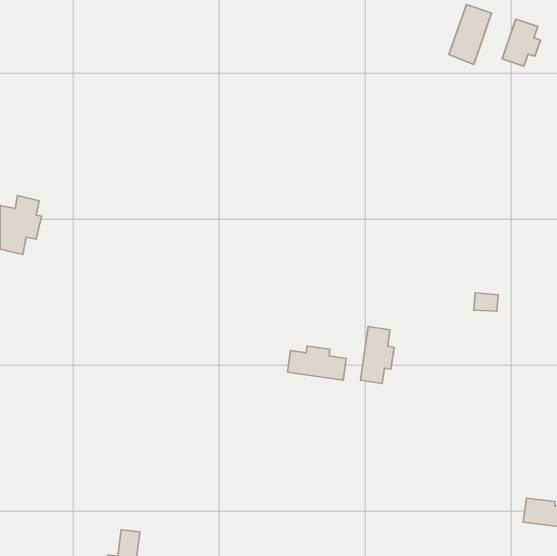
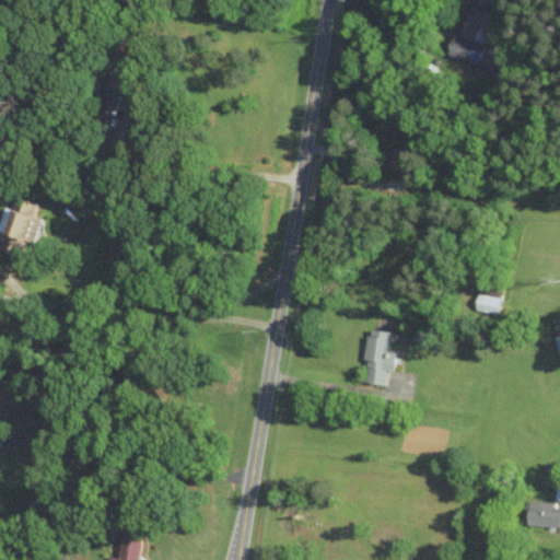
building: [502,19,540,66] -> none
building: [287,346,346,380] -> none

